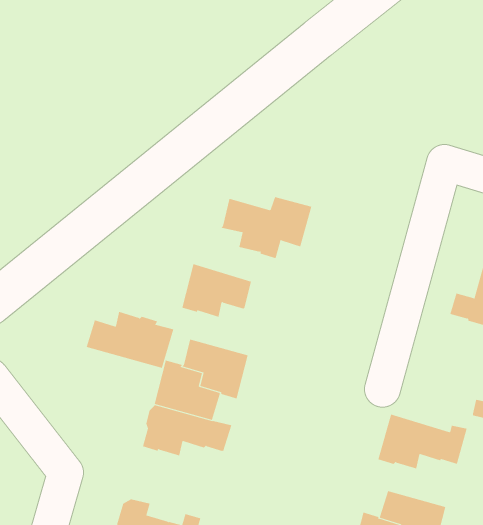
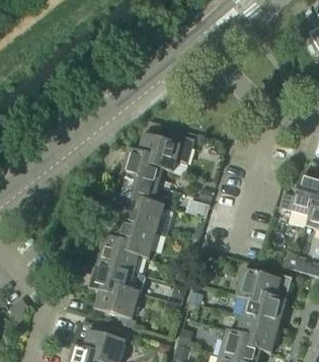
building: none -> [122,147,163,185]
building: [86,311,174,368] -> [119,198,174,233]
building: none -> [95,284,140,324]
building: none -> [242,292,286,324]

